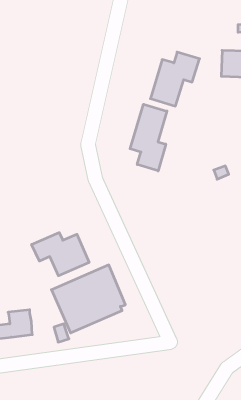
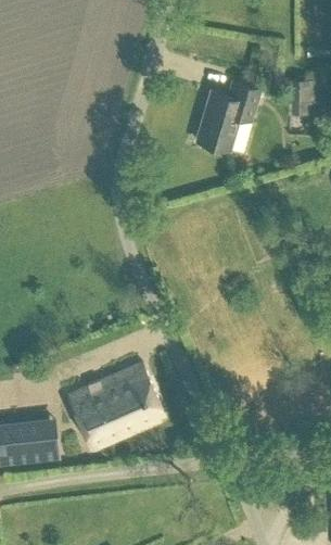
building: [130,104,167,171] -> none
building: [32,233,89,276] -> none

